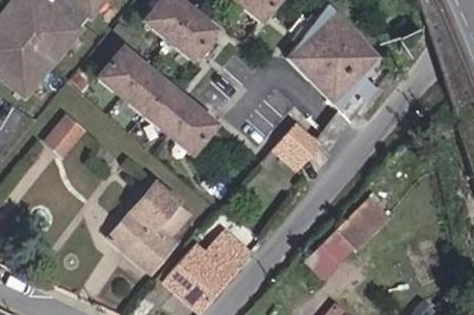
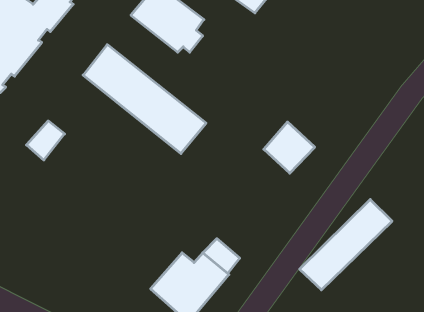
building: [287,9,393,119] -> none
building: [110,184,190,274] -> none

